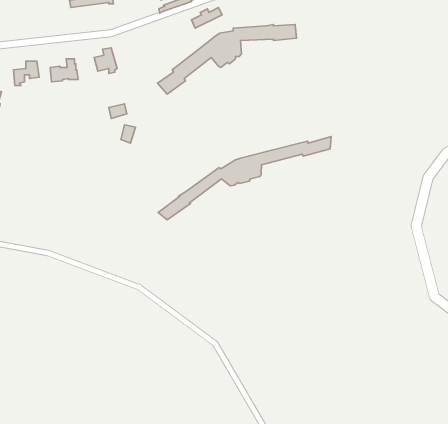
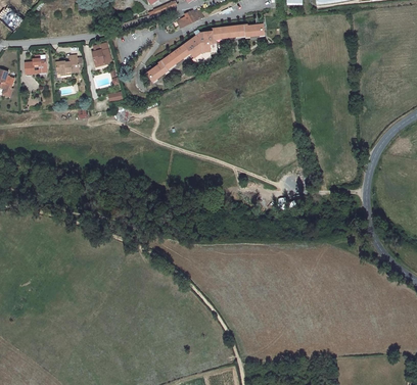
building: [158,136,331,220] -> none

